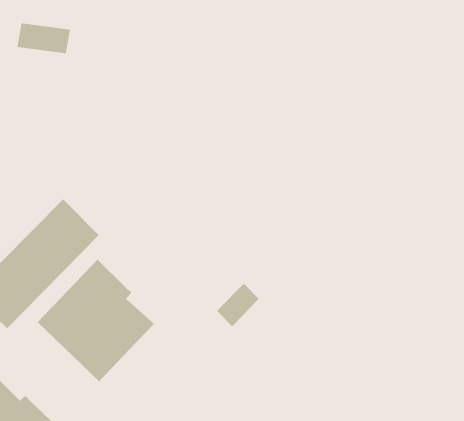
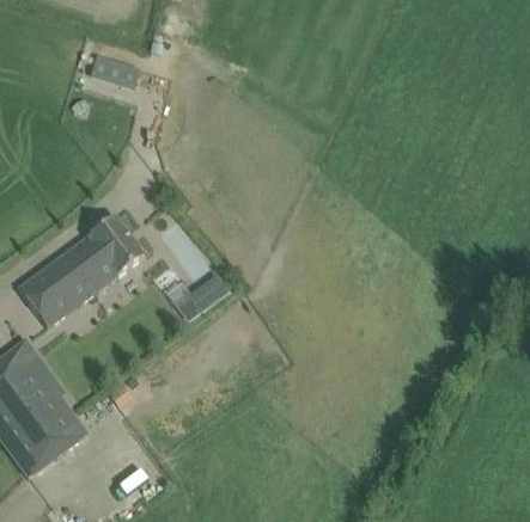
building: [37,259,155,382] -> none
building: [216,283,260,327] -> [188,274,229,312]

